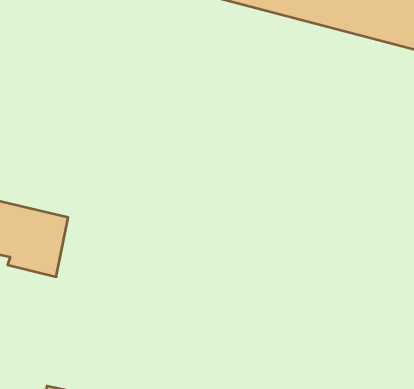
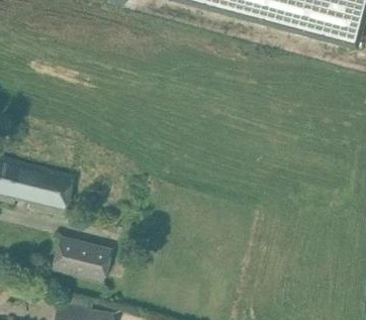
building: none -> [52,234,112,282]

